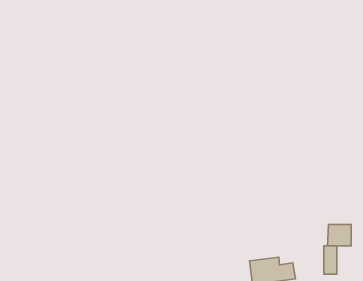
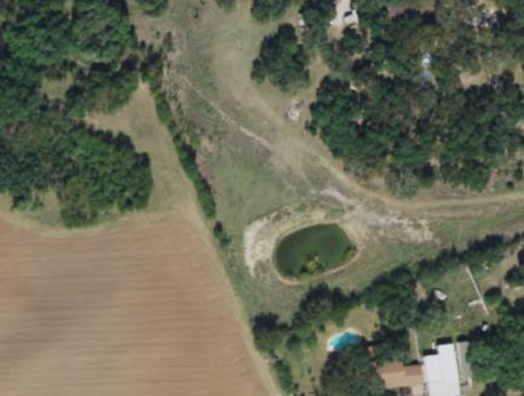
building: [328,224,351,246] -> [424,355,454,383]

